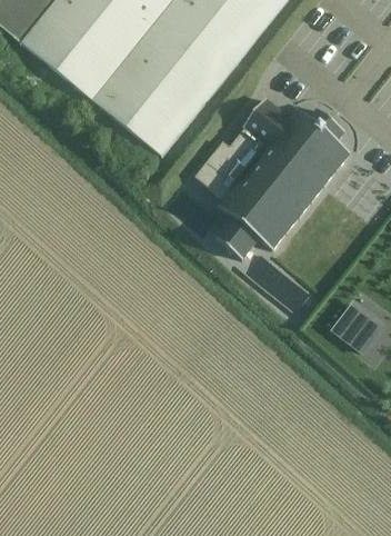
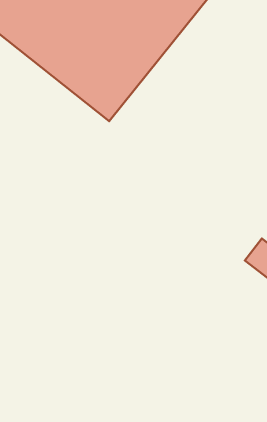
building: [196,99,351,259] -> none

